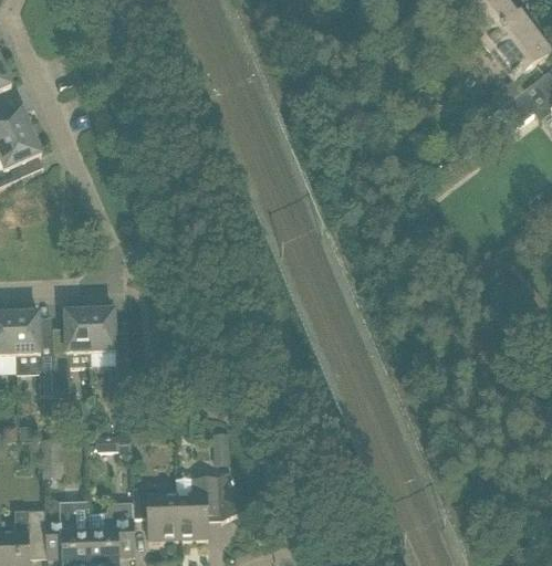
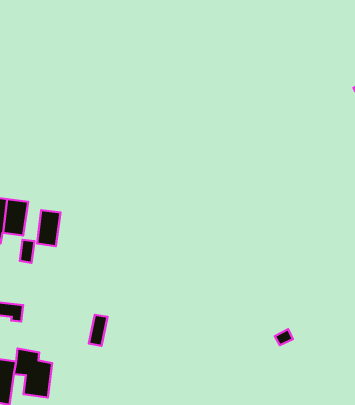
building: none -> [37,210,61,246]
building: [175,470,246,537] -> none

